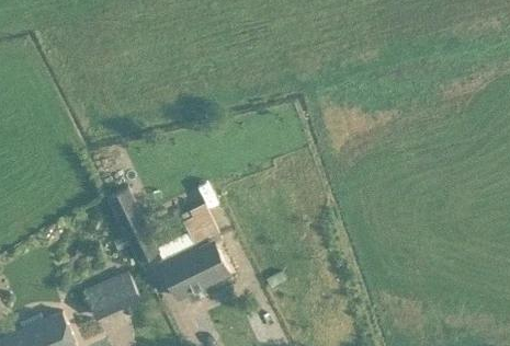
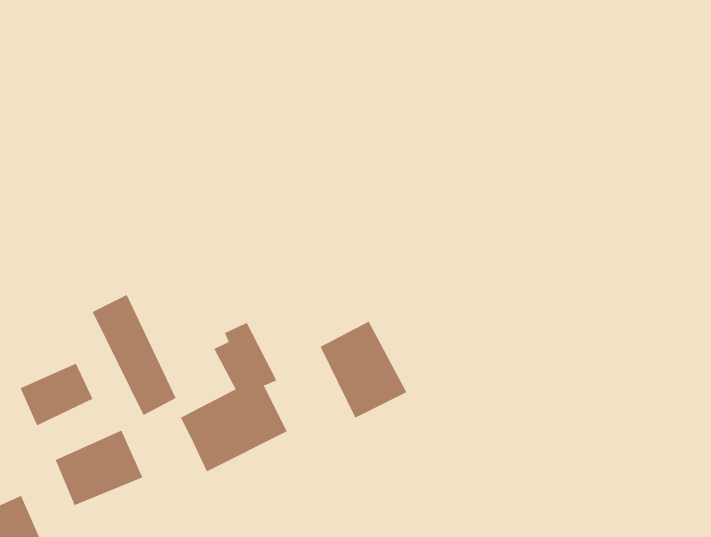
building: none -> [320,321,407,418]
building: none -> [20,363,93,426]

